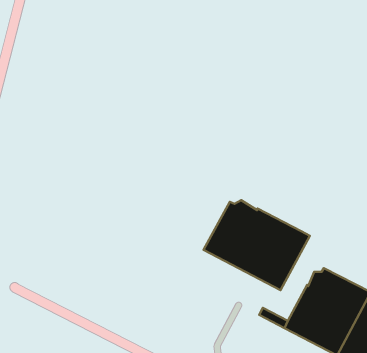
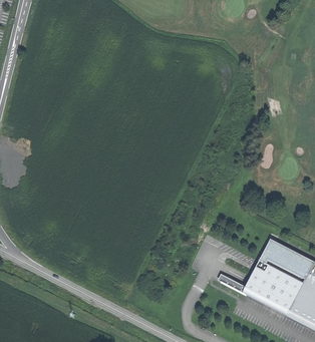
building: [204,200,310,290] -> none

